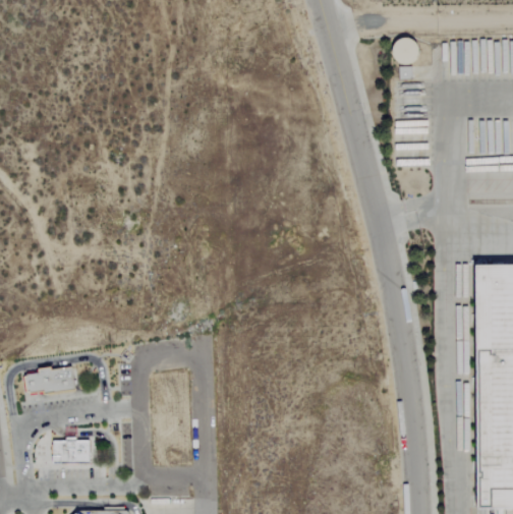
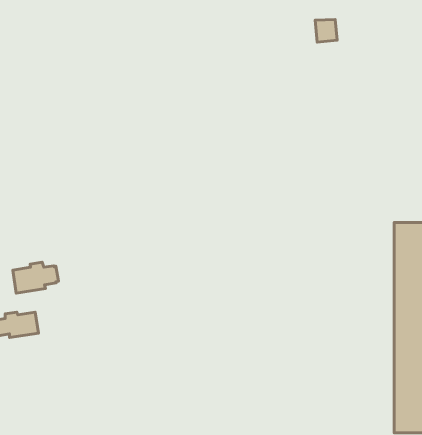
building: none -> [13,262,59,293]
building: [56,438,91,463] -> none

